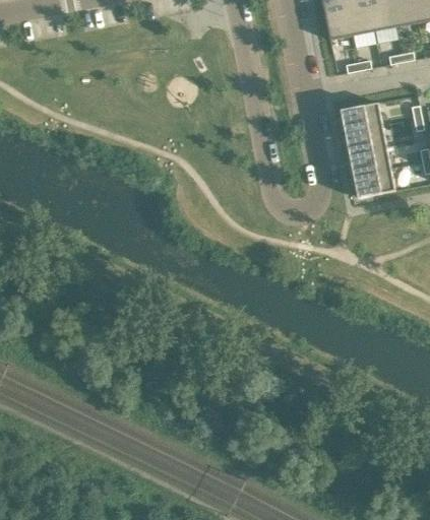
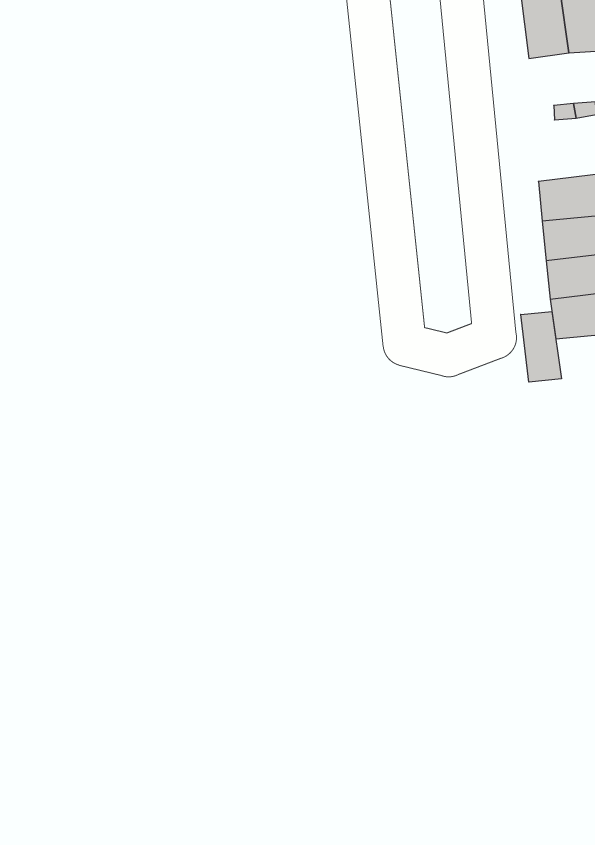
building: none -> [521,312,561,382]

